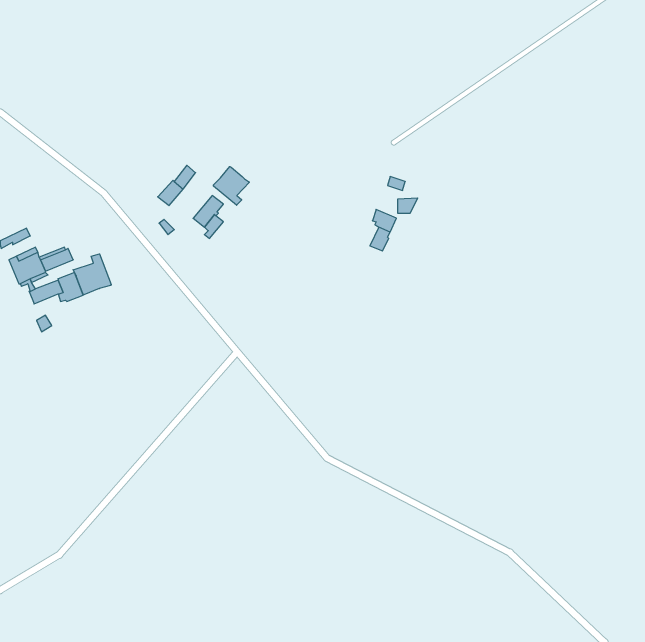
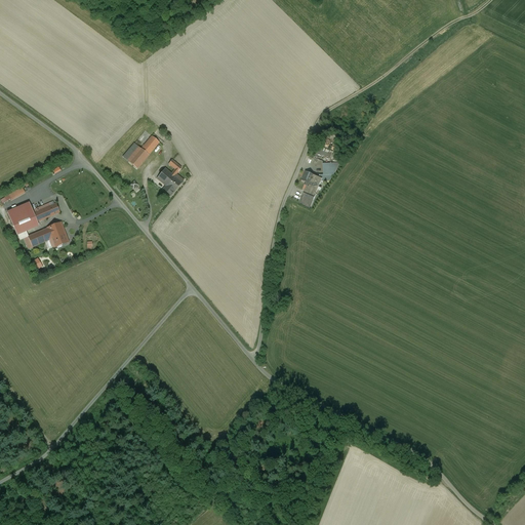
building: [213,167,249,205] -> none
building: [73,254,111,295] -> none

